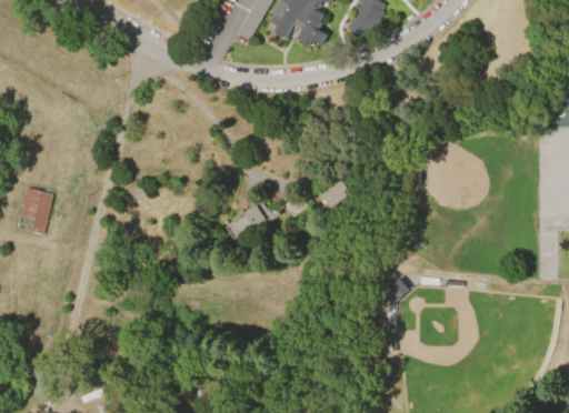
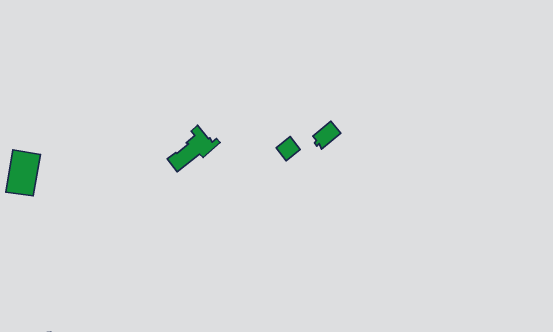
building: [227,195,280,240] -> [167,125,220,172]

